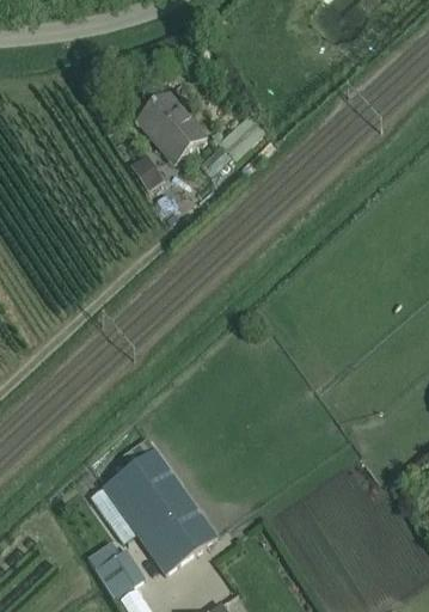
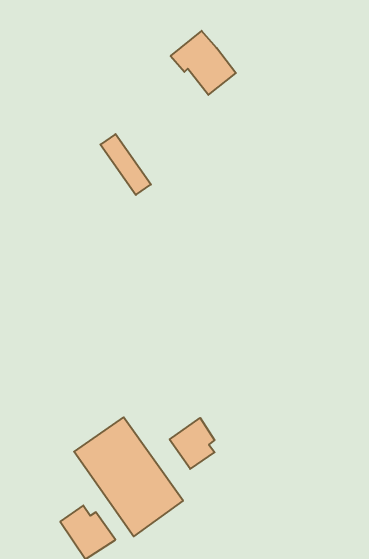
building: [135,92,203,159] -> [171,31,236,95]
building: none -> [170,418,215,469]

